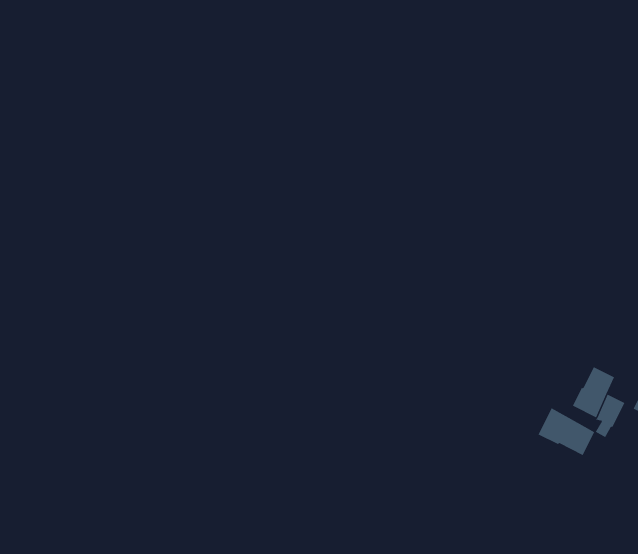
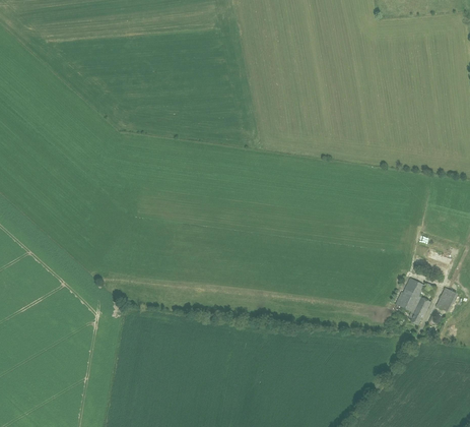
building: [538,407,595,456] -> none

